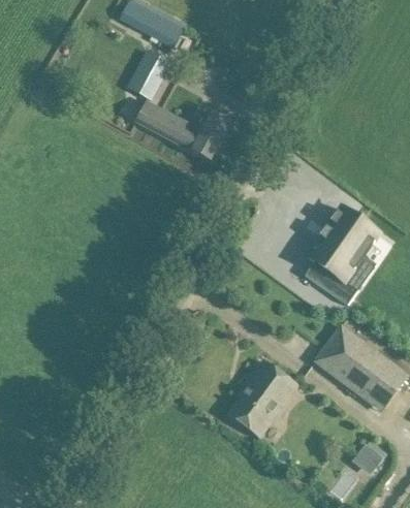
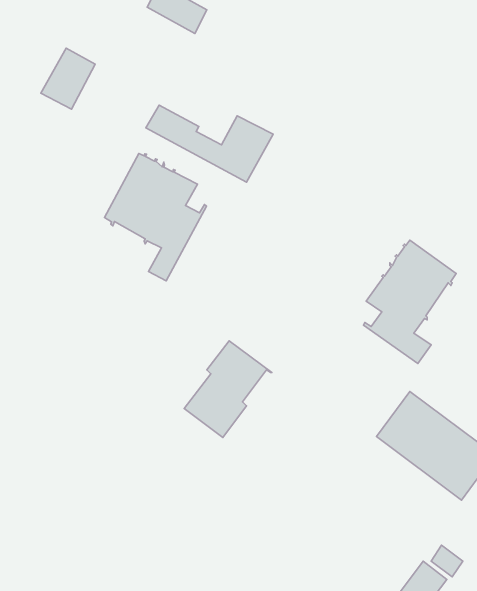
building: [128,52,170,99] -> [41,48,95,109]
building: none -> [104,153,207,281]
building: [228,361,296,437] -> [184,341,272,437]

